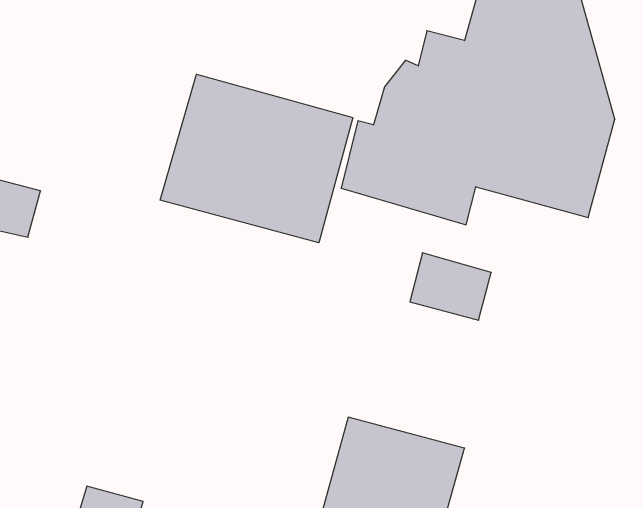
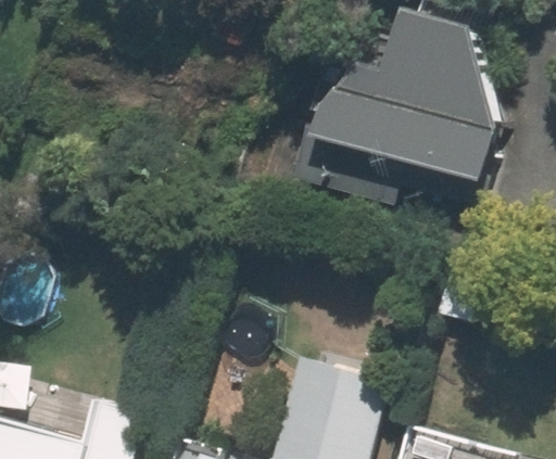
building: [160,74,353,243] -> none

